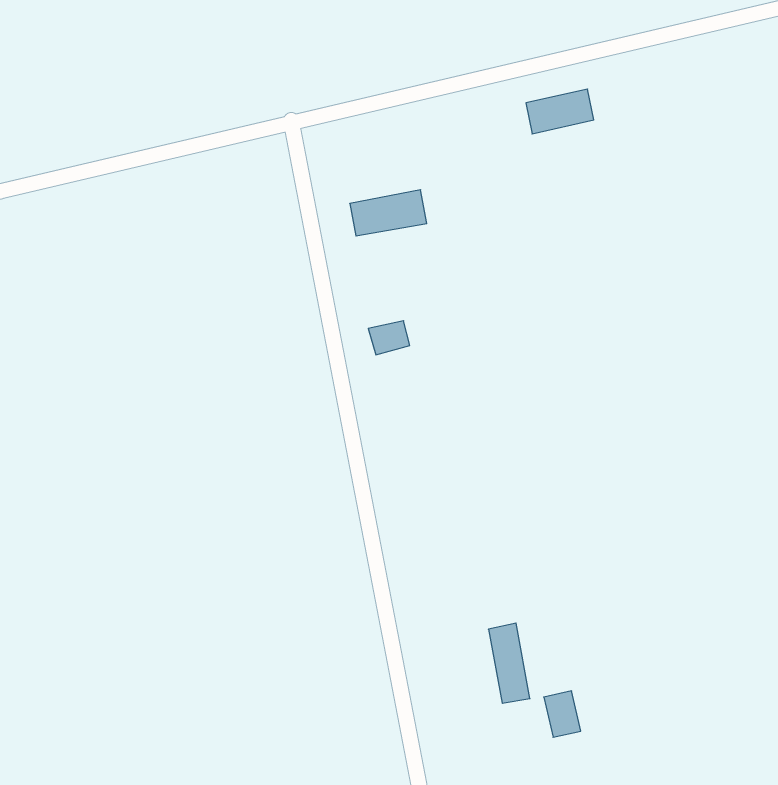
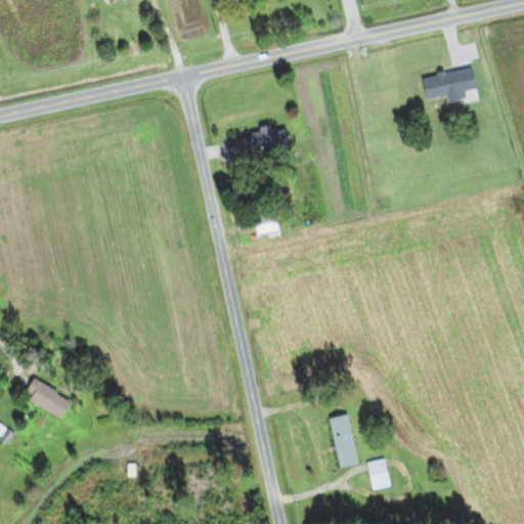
building: [526,89,594,134] -> [422,70,467,99]
building: none -> [23,377,72,419]

